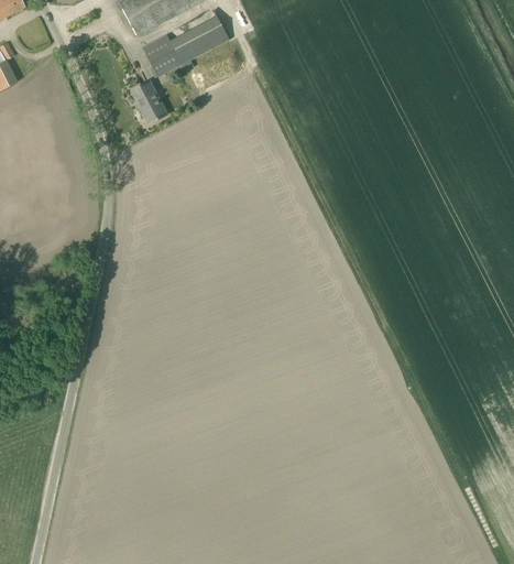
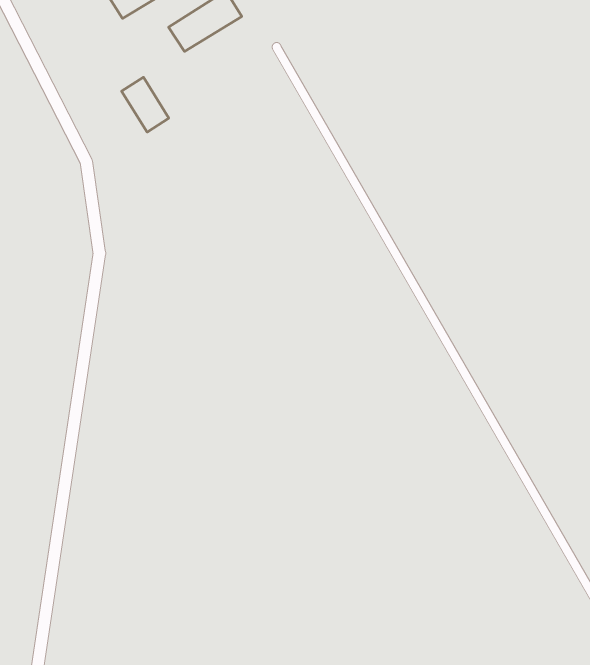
building: [142,34,182,76] -> none

